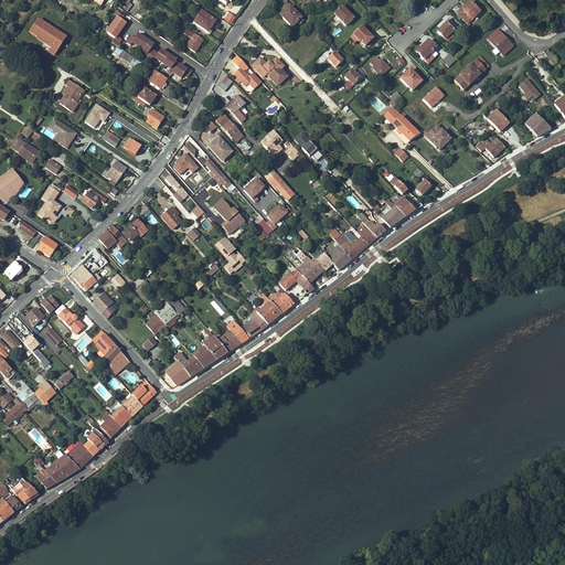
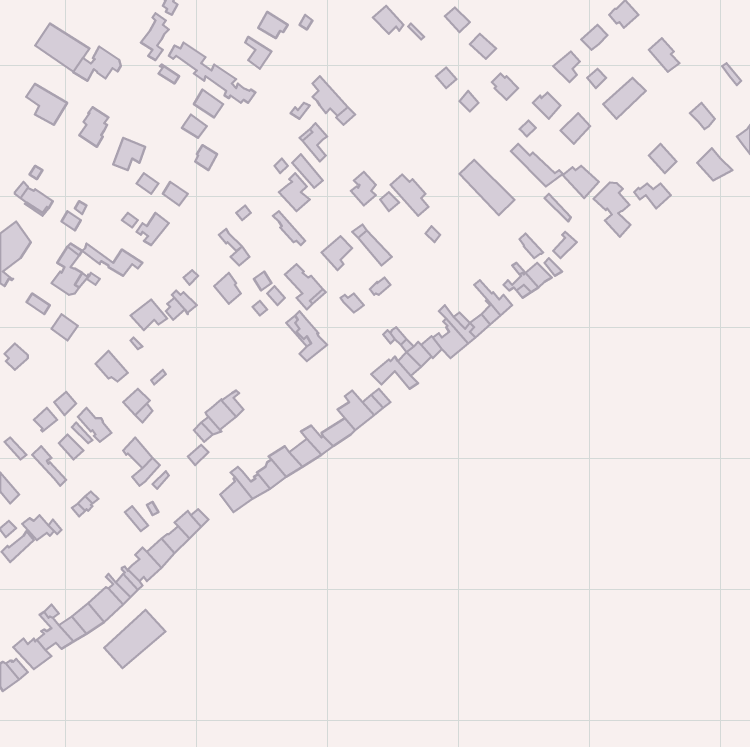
building: none -> [73,47,121,81]
building: [252,56,288,84] -> none
building: [46,117,77,148] -> [26,84,67,125]
building: none -> [460,160,514,215]
building: none -> [593,183,631,237]
building: none -> [104,610,166,668]

